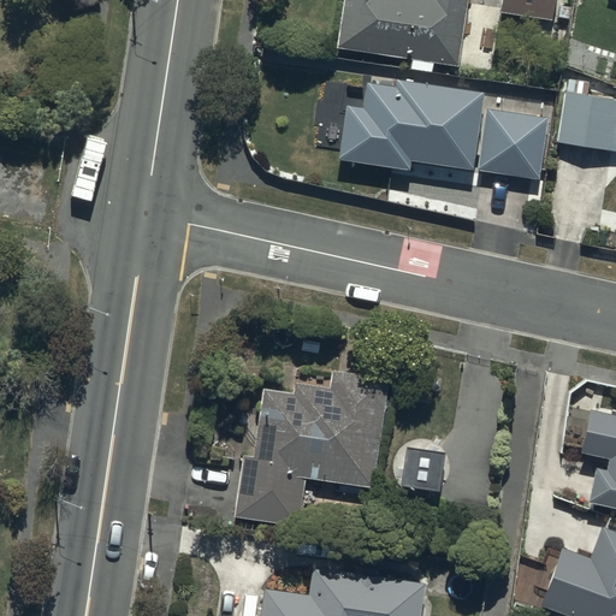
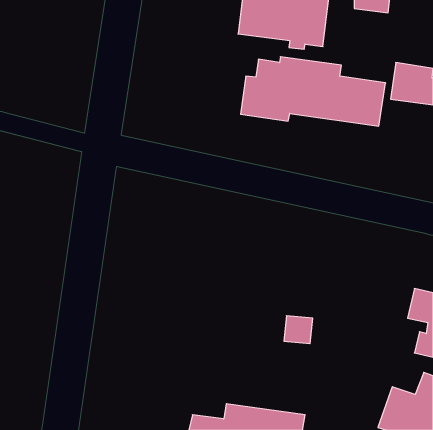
building: [236,372,386,527] -> none

